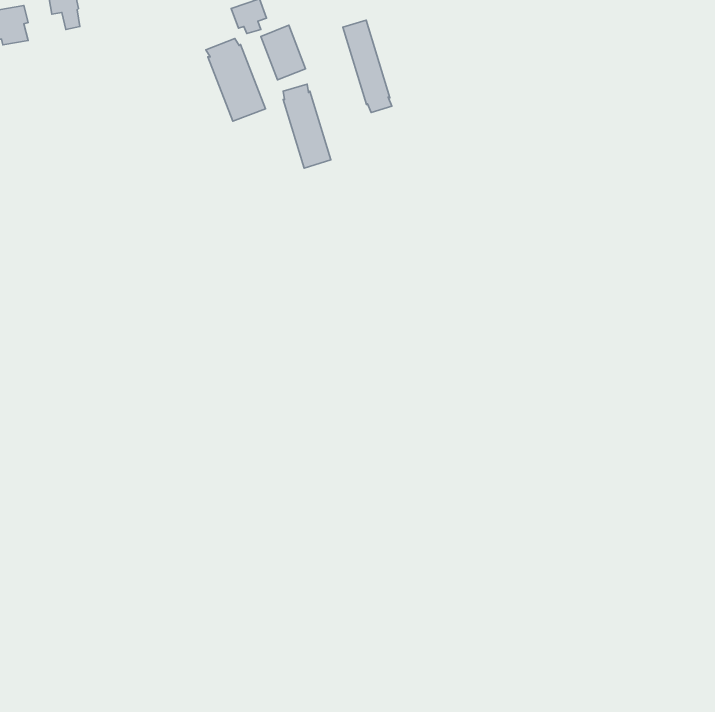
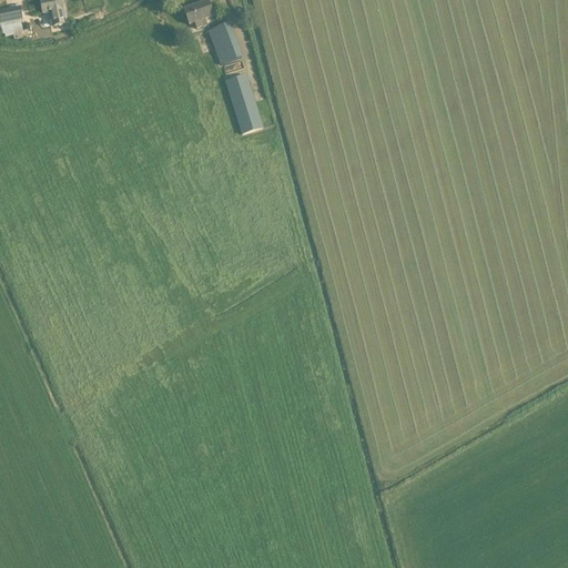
building: [343,20,392,113] -> none
building: [206,38,265,121] -> none

